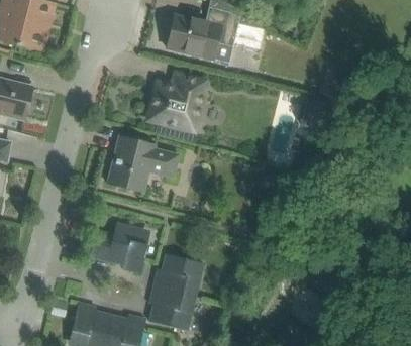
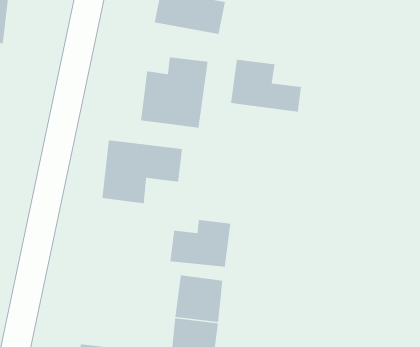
building: none -> [230,59,302,112]
building: [95,225,149,267] -> [169,219,231,267]

